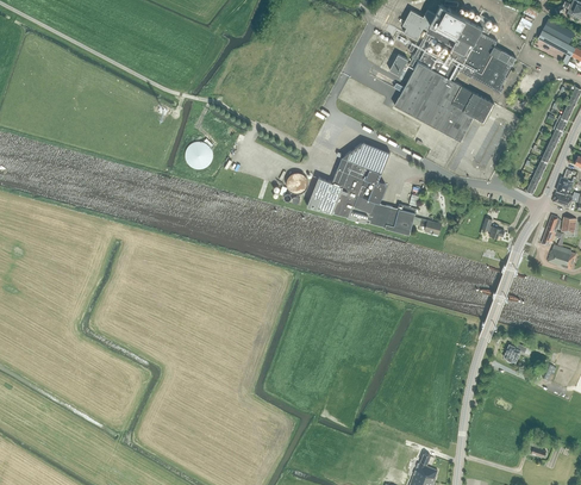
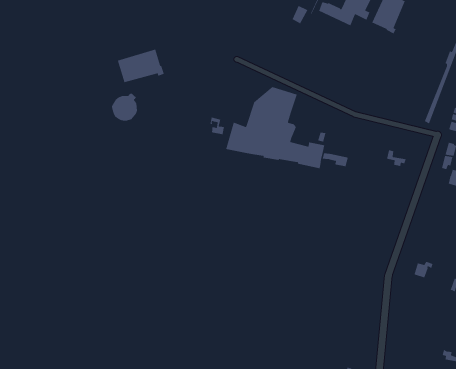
building: [394,63,494,142] -> none
building: none -> [117,49,165,83]

